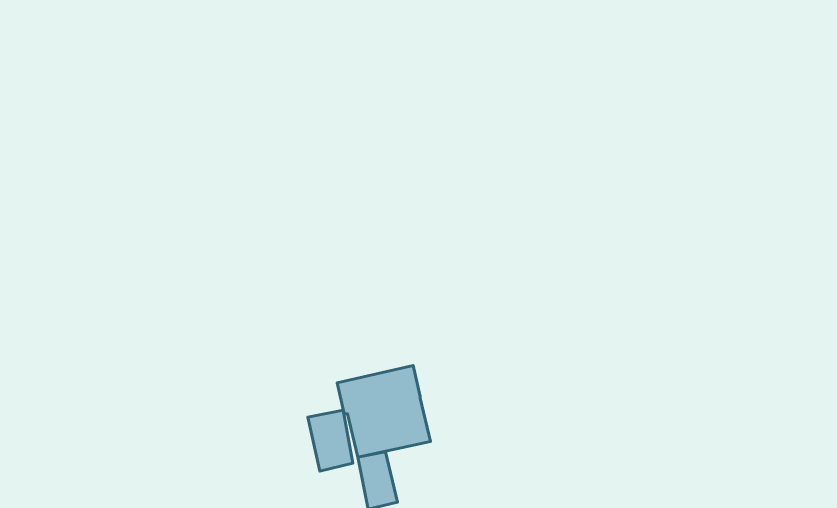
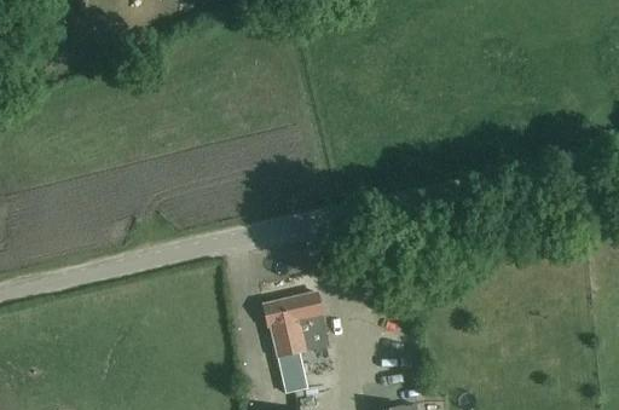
building: [308,410,353,471] -> none

